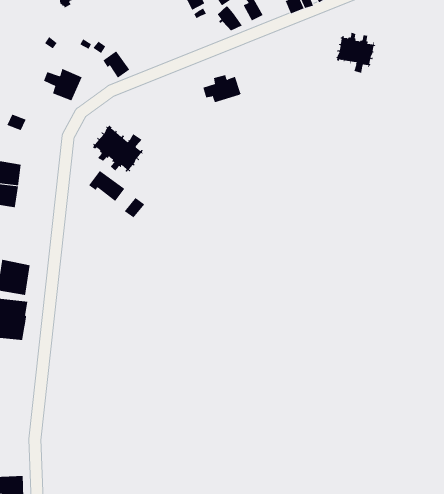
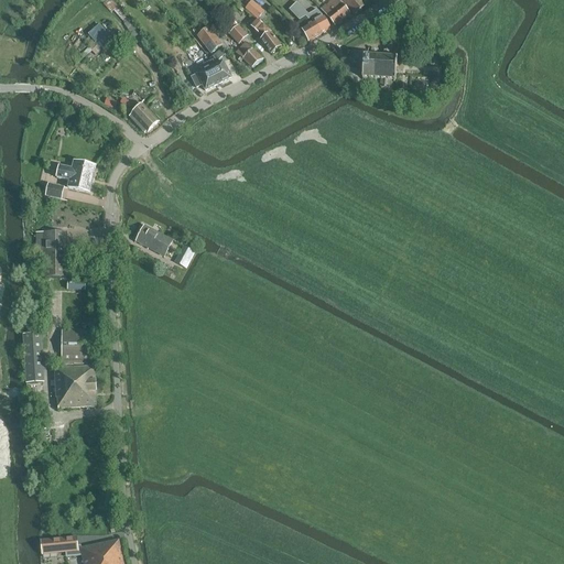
building: [43,68,83,101] -> [56,160,95,191]
building: [203,74,242,103] -> [191,58,230,88]
building: [92,125,144,173] -> none

